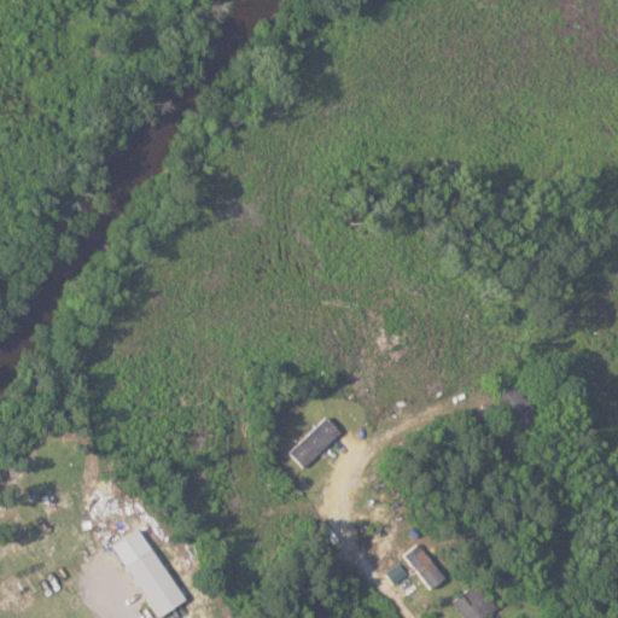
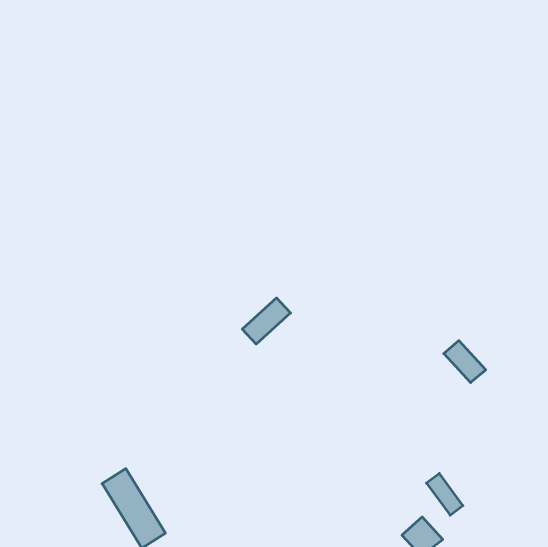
building: [288,416,343,468] -> [242,298,291,344]
building: [404,543,445,590] -> [426,473,463,515]

